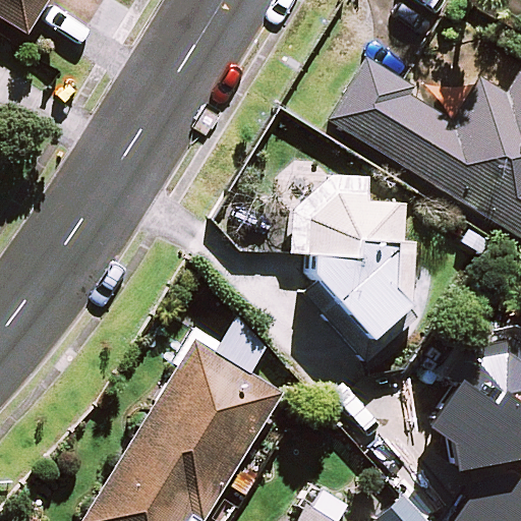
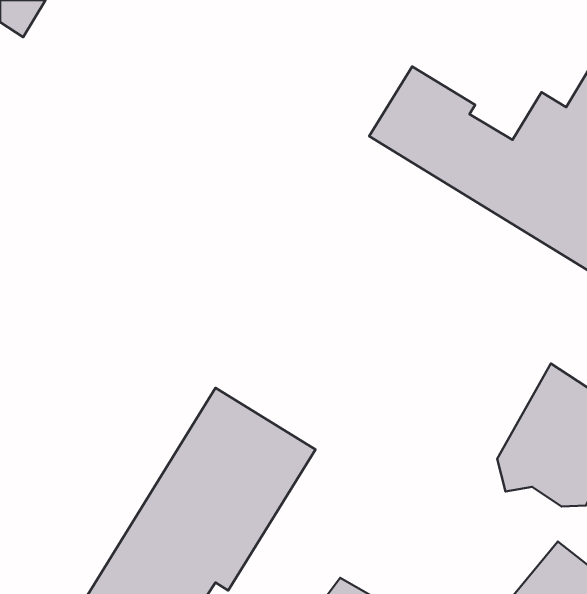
building: [288,171,421,368] -> none

